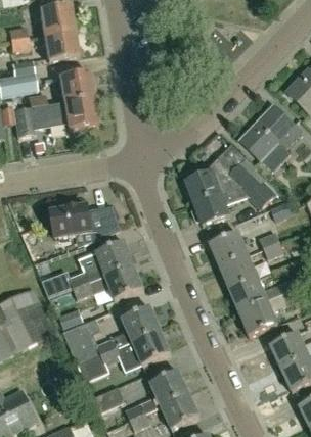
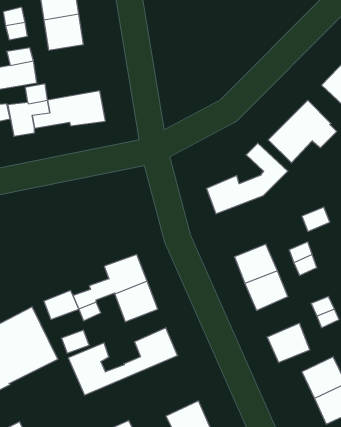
building: [58,71,92,102] -> none
building: [192,167,274,226] -> none
building: [50,205,113,244] -> none
building: [230,278,268,313] -> none
building: [79,330,171,382] -> none

